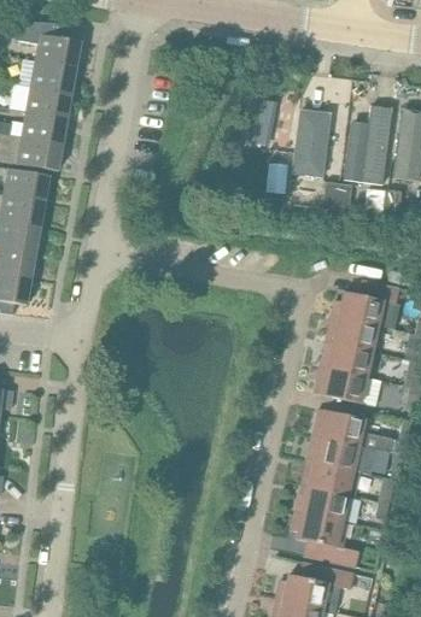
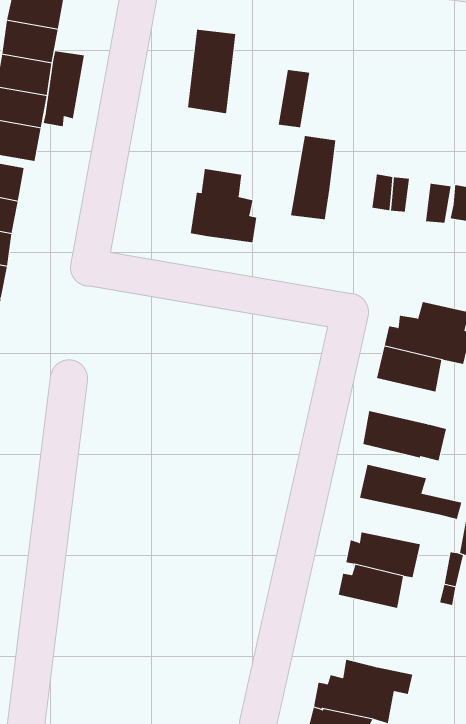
building: none -> [43,50,85,127]
building: [343,107,390,184] -> none
building: [293,110,332,176] -> [187,29,236,114]
building: none -> [190,168,257,243]
building: [318,341,372,377] -> none
building: [305,435,374,474] -> none
building: [291,511,358,566] -> none

